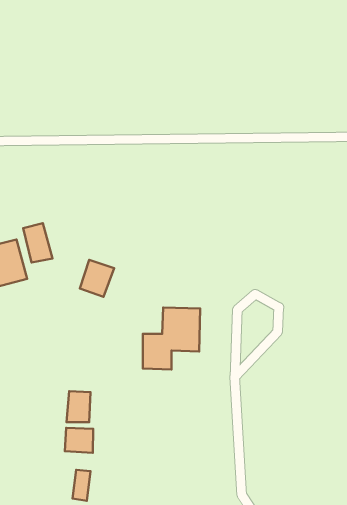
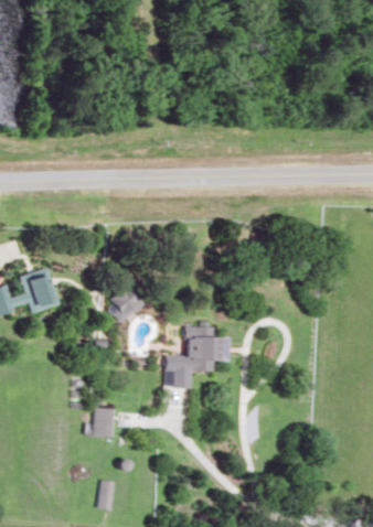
building: [23,223,53,262] -> none
building: [65,428,93,453] -> none

